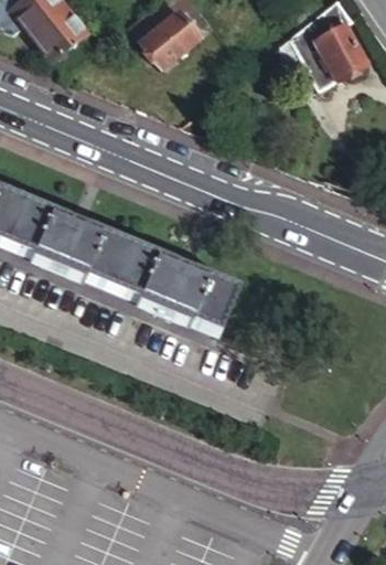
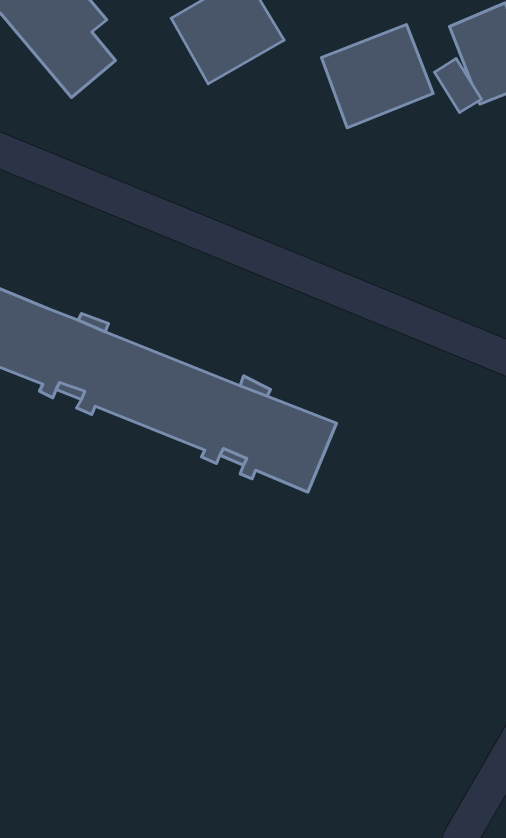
building: none -> [322,25,433,128]

